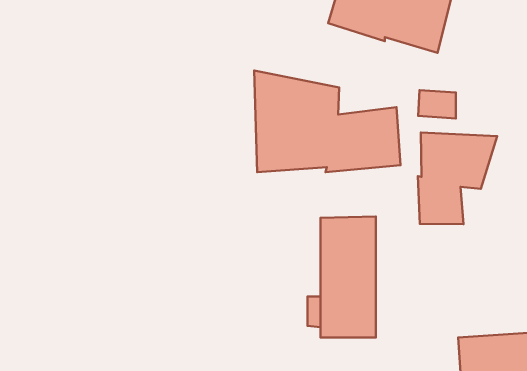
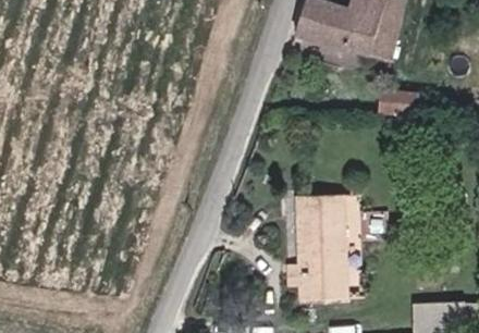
building: [254,71,401,172] -> none
building: [418,133,497,224] -> none

